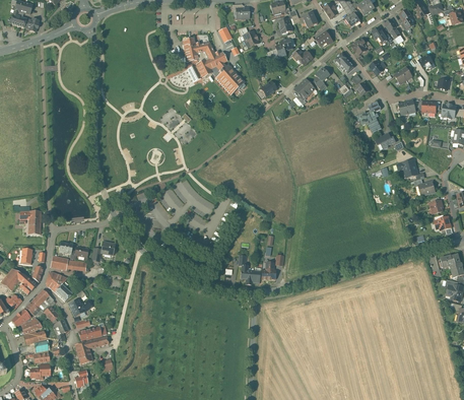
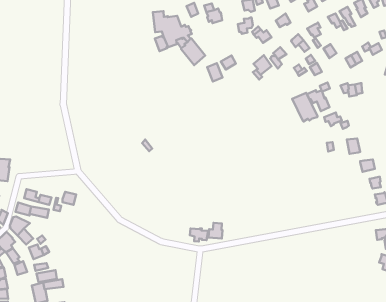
building: none -> [292,93,317,121]

